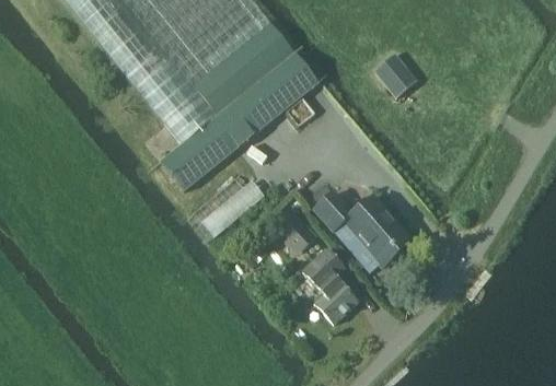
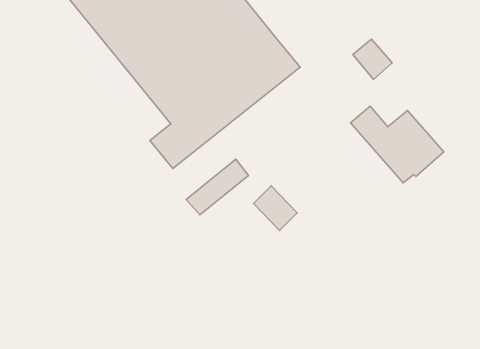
building: [313,191,412,272] -> [351,106,444,183]
building: [301,249,356,321] -> none

